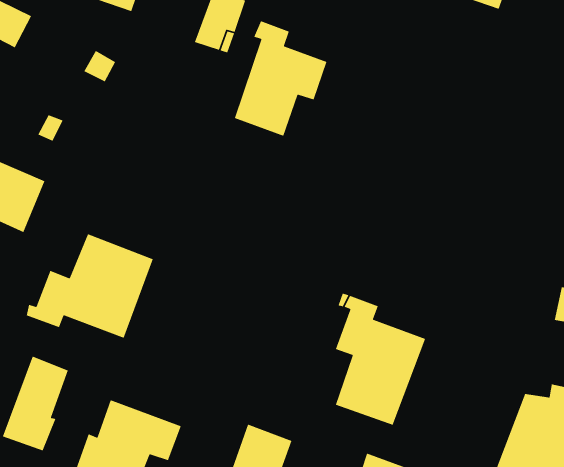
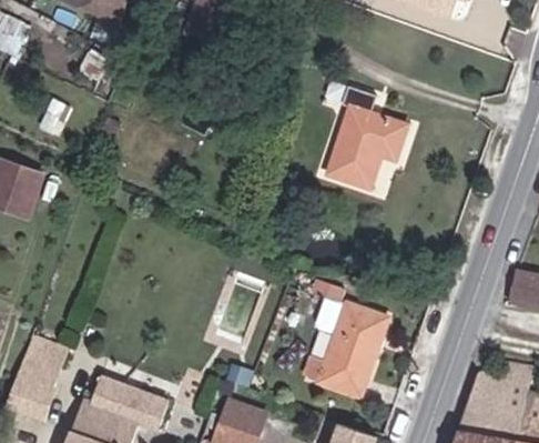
building: [234,20,327,137] -> [324,87,409,193]
building: [26,233,154,339] -> none

